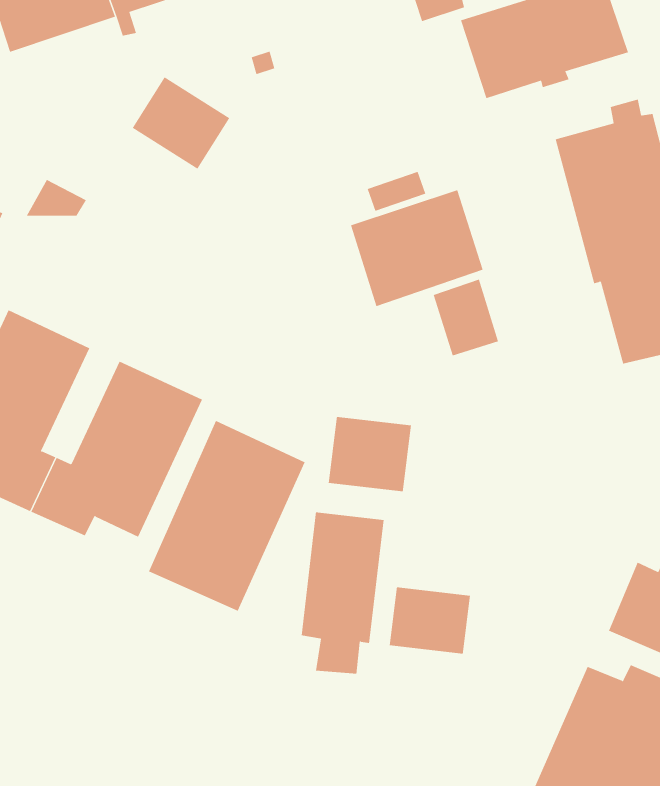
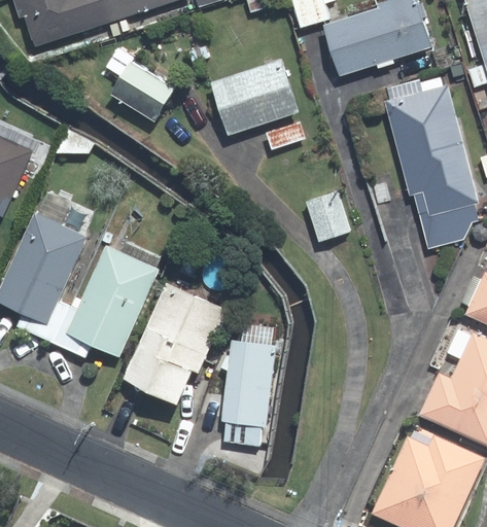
building: [350,190,484,307] -> [213,60,299,135]
building: [328,416,412,492] -> none
building: [389,586,471,654] -> none

